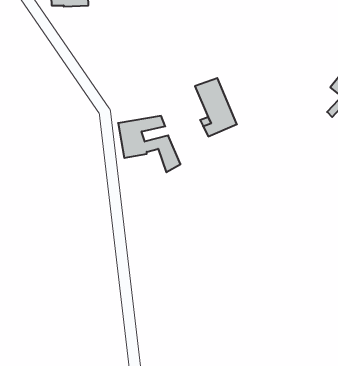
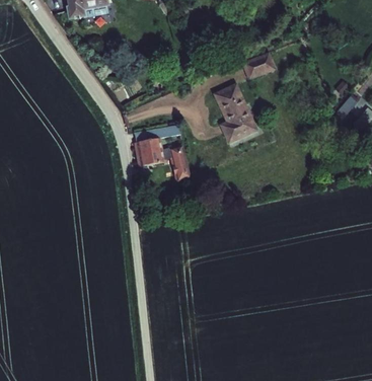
building: none -> [240,53,272,78]

